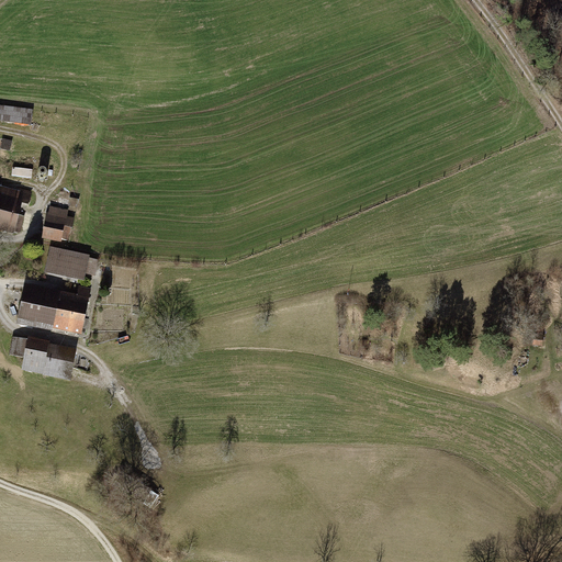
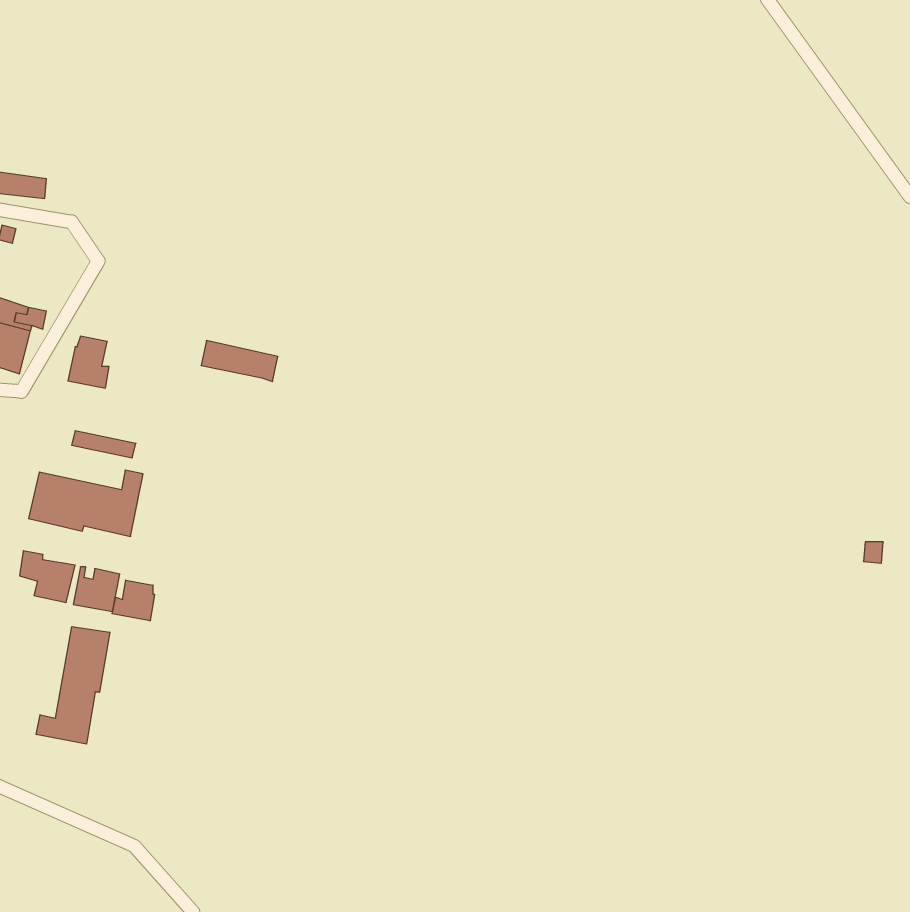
building: [46,249,93,274] -> [201,340,278,382]
building: none -> [112,580,154,621]
building: none -> [36,627,110,744]

